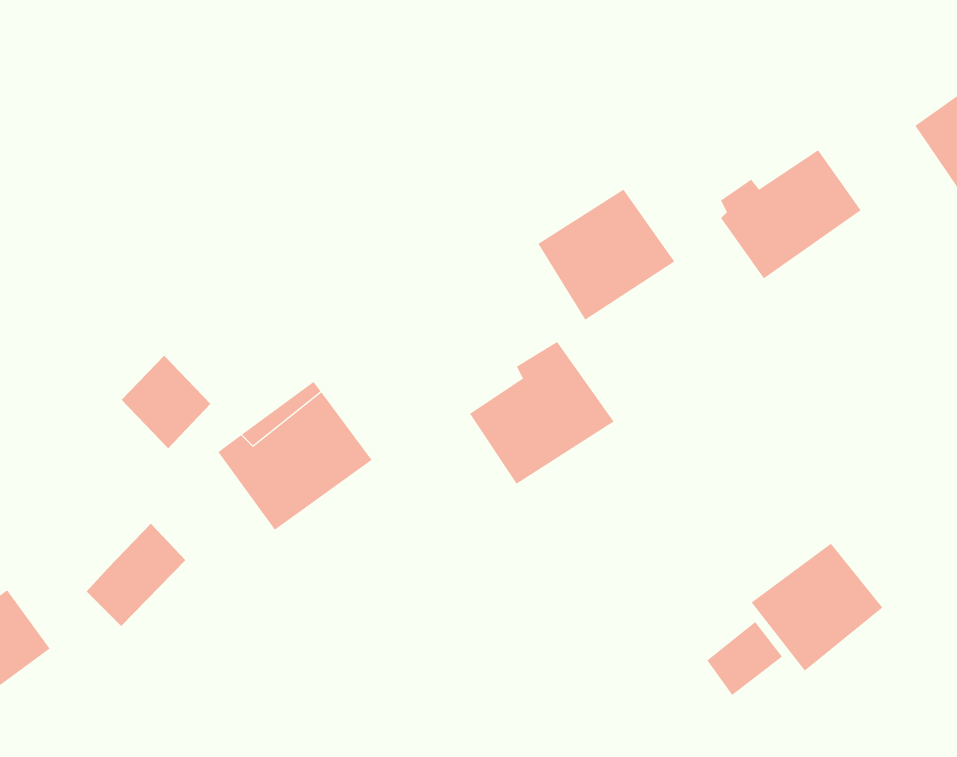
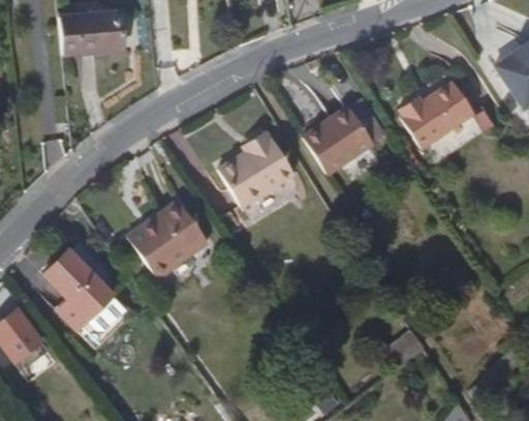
building: none -> [77,14,126,56]
building: [469,341,614,485] -> [215,126,291,202]
building: [121,355,211,449] -> [49,252,96,302]
building: [751,543,883,671] -> none

